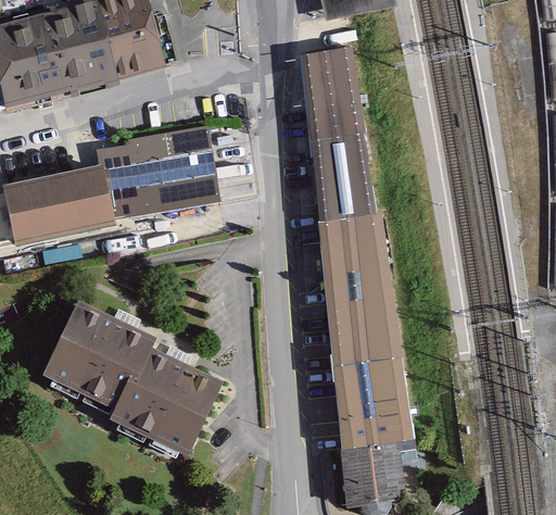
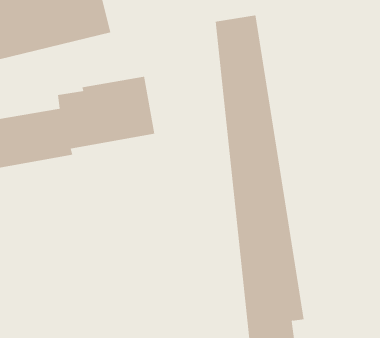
building: [41,301,223,456] -> none

